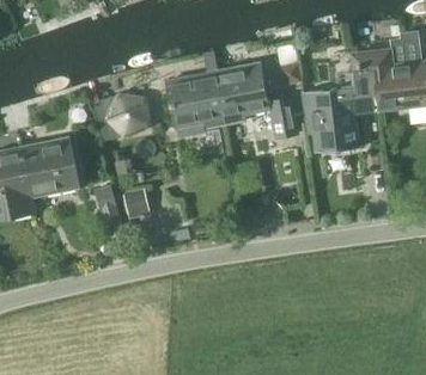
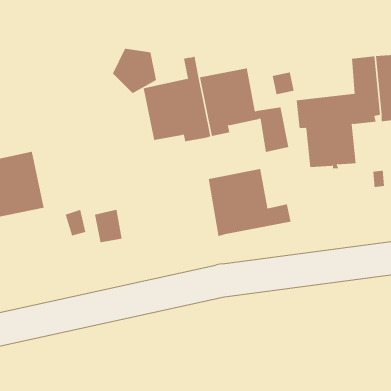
building: [108,96,147,136] -> [112,48,157,94]
building: none -> [208,168,291,237]

